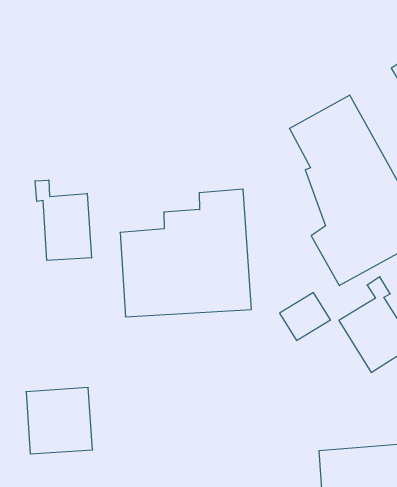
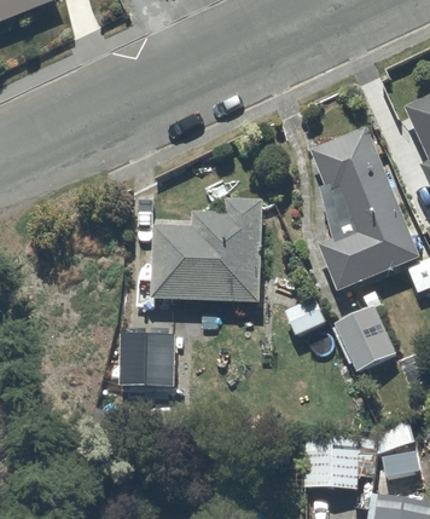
building: [35,180,91,260] -> none
building: [26,388,93,454] -> [118,331,175,388]

